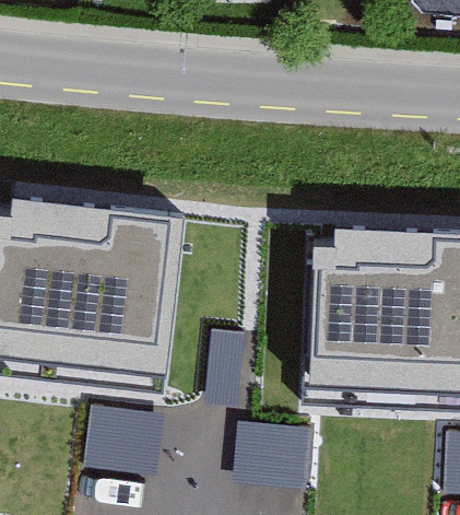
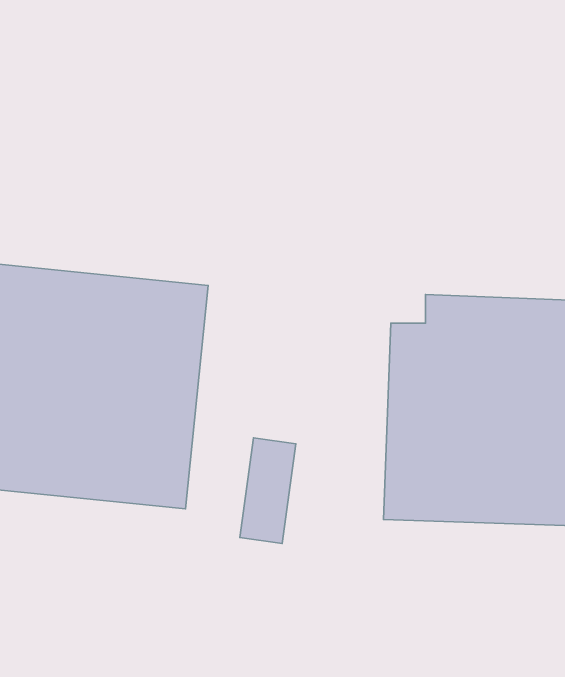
building: [83,403,162,471] -> none
building: [235,421,309,488] -> none

